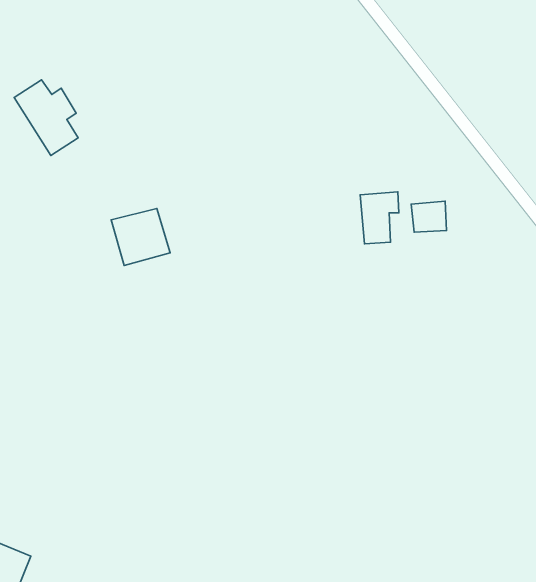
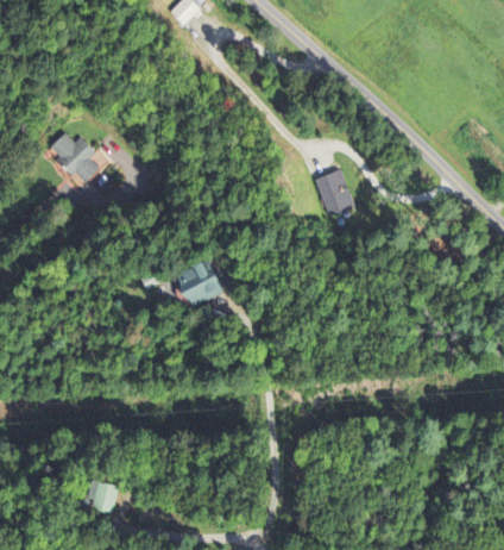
building: [411,201,447,232] -> none
building: [111,209,170,266] -> [177,260,225,306]

